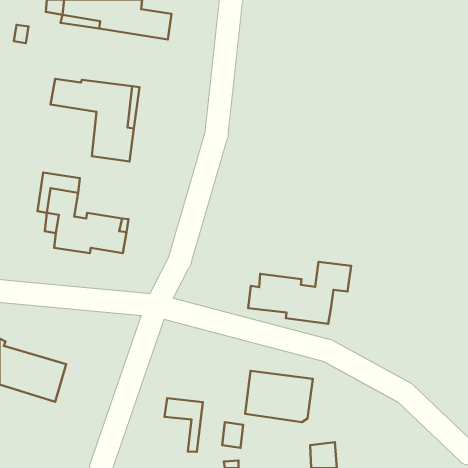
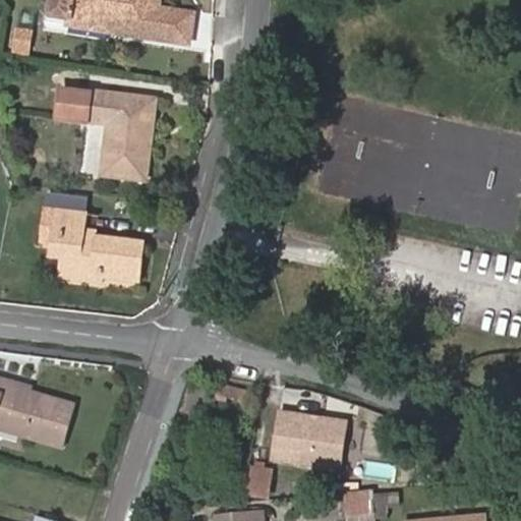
building: [248,262,351,324] -> none
building: [165,398,203,452] -> none

